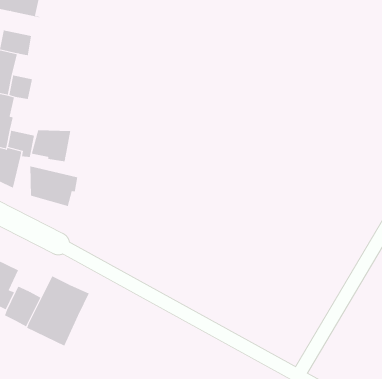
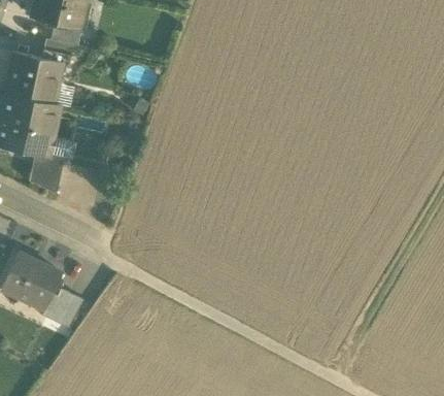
building: none -> [48,21,81,45]
building: [31,129,71,162] -> none
building: [30,165,78,207] -> none
building: [26,275,90,347] -> none

